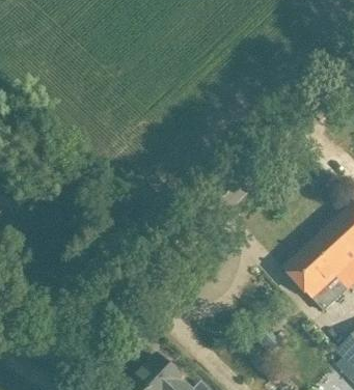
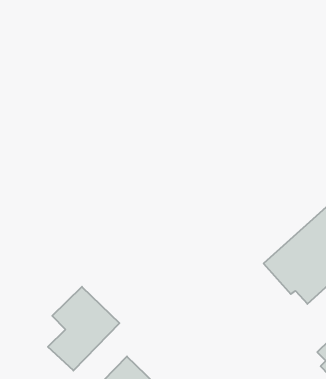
building: none -> [48,287,119,371]

